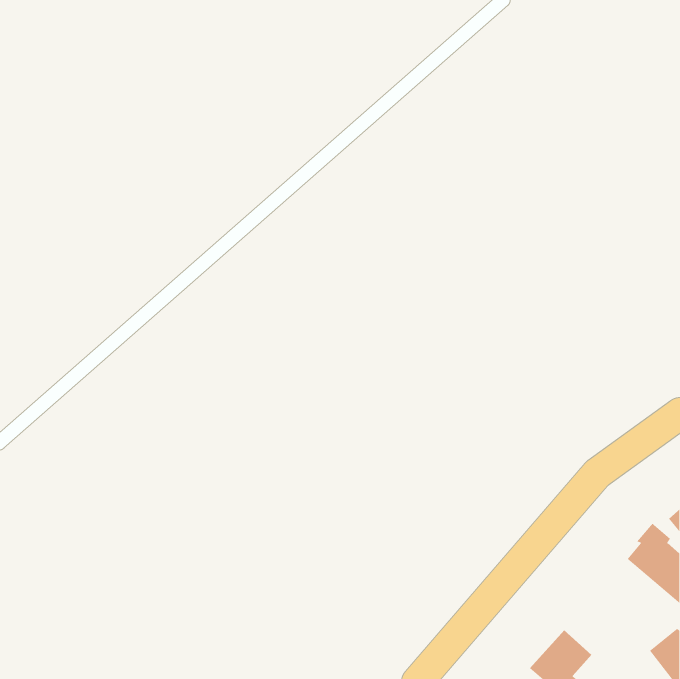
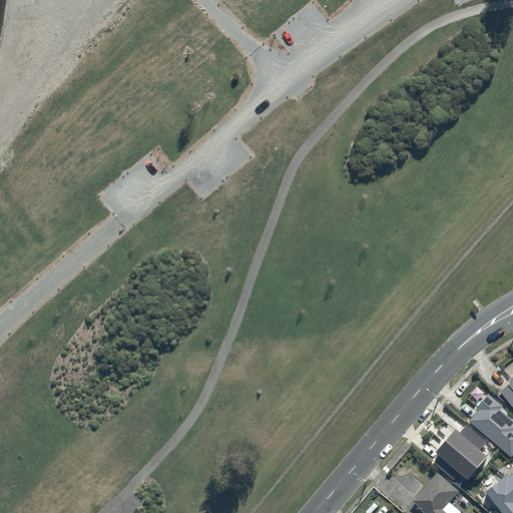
building: none -> [436,425,490,481]

